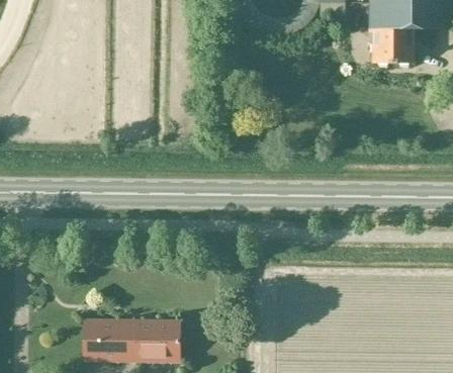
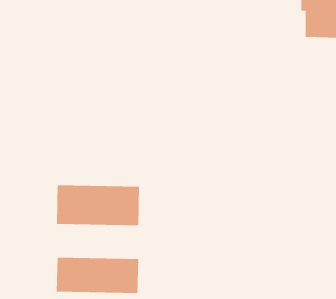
building: none -> [56,185,140,226]

